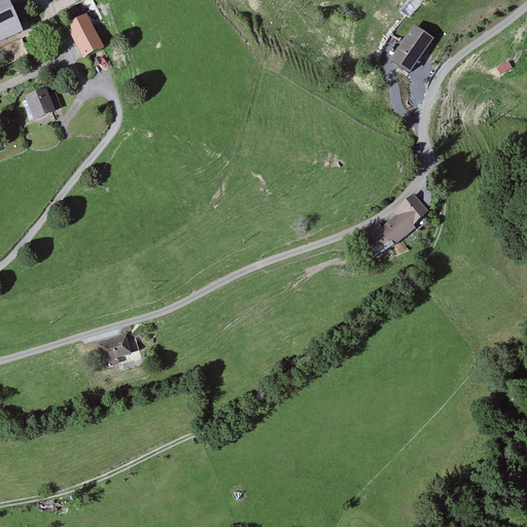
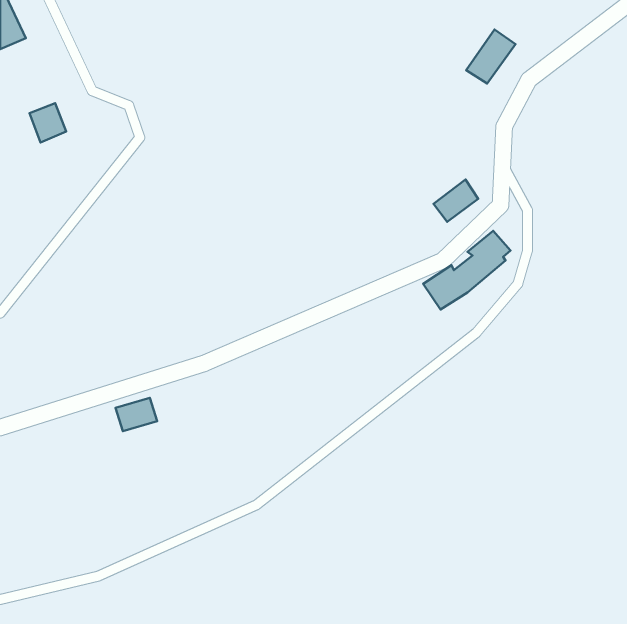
building: [66,12,104,57] -> none
building: none -> [433,179,478,222]

